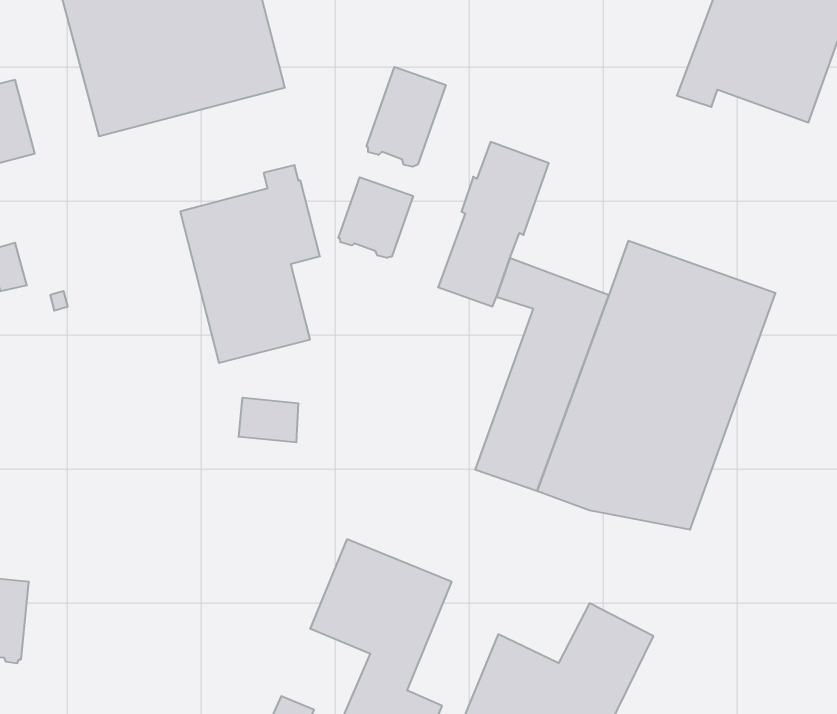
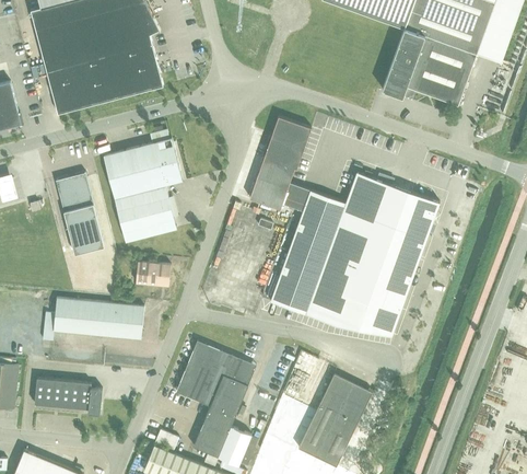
building: [367,67,446,167] -> none
building: [338,177,413,258] -> none
building: none -> [55,173,104,255]
building: none -> [43,298,143,340]
building: none -> [34,379,102,414]

